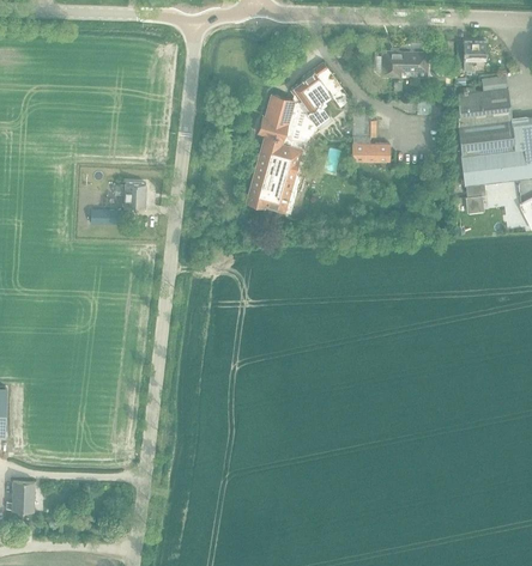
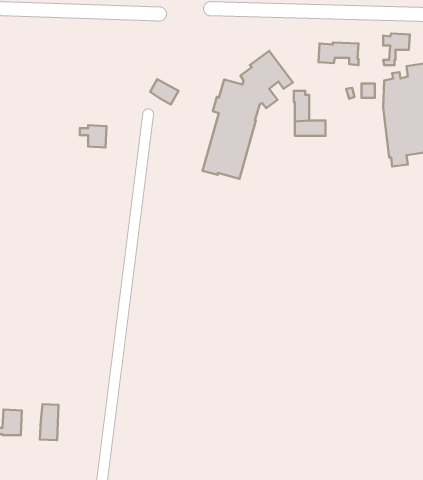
building: none -> [150,79,178,105]
building: [115,184,146,211] -> [80,125,107,148]
building: none -> [40,404,59,440]

